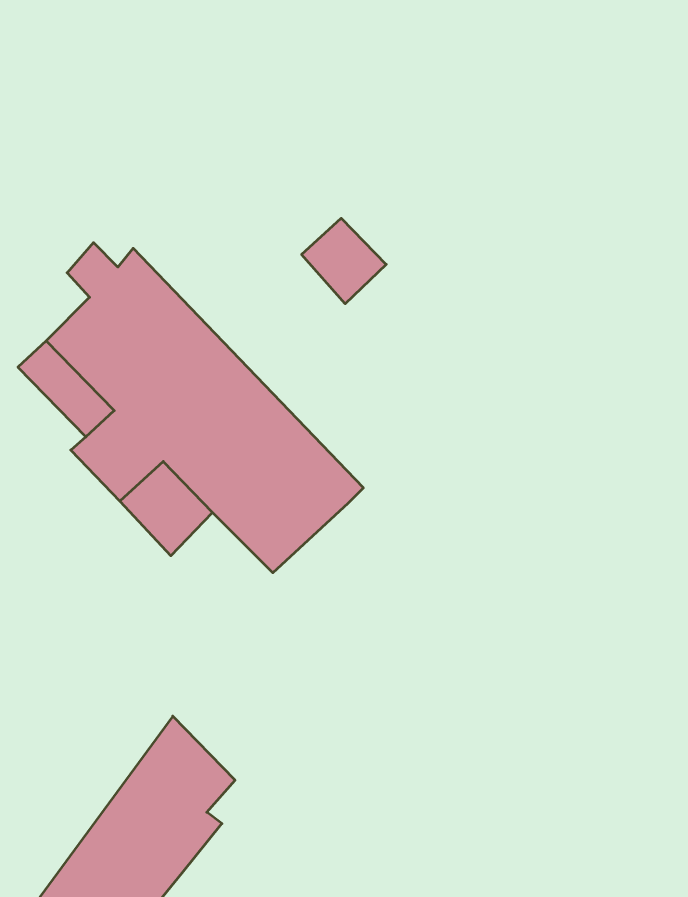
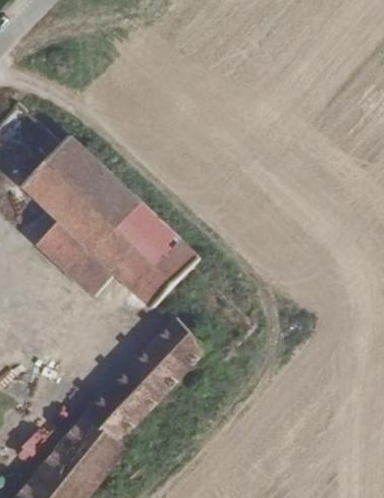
building: [302,218,386,304] -> none
building: none -> [99,316,204,425]

